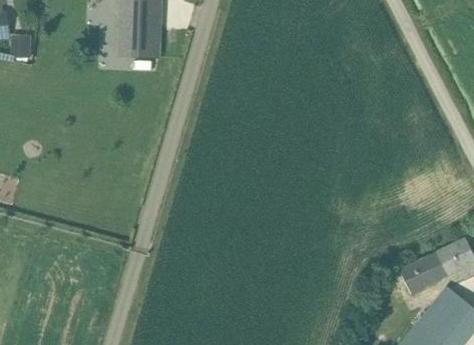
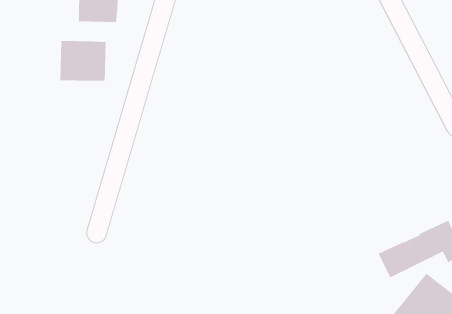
building: none -> [60,40,106,81]

